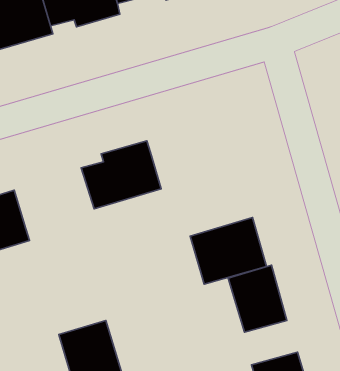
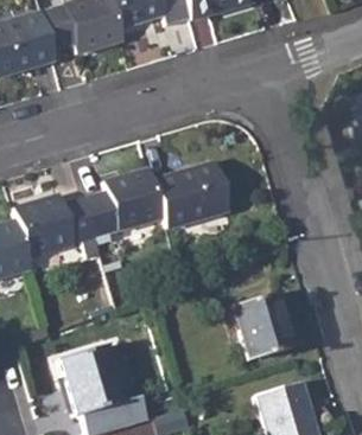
building: none -> [14,193,97,256]
building: [190,217,267,284] -> [154,160,231,228]

